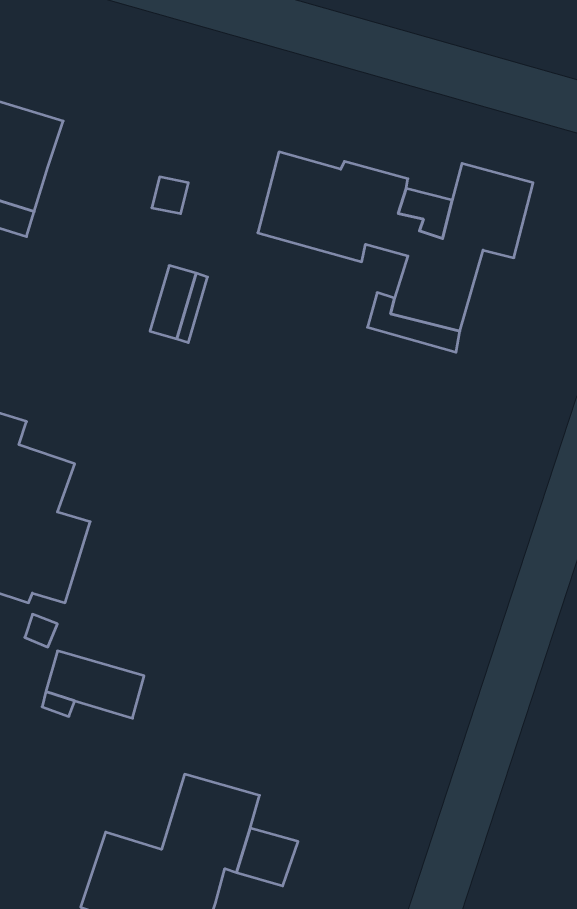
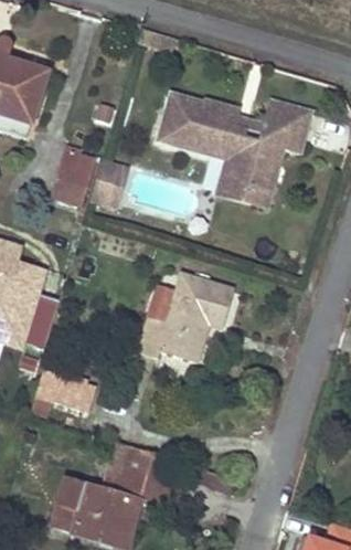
building: none -> [52,144,97,204]
building: none -> [138,269,232,358]

